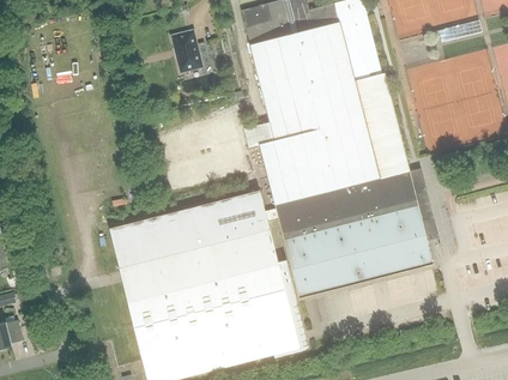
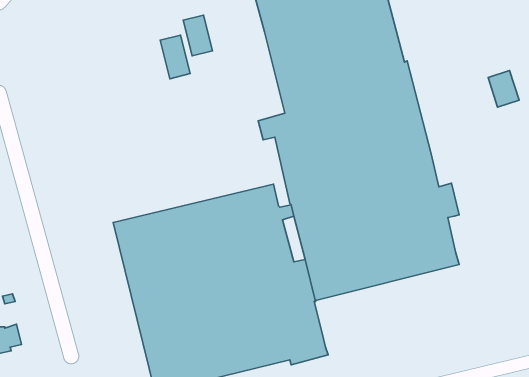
building: none -> [160,35,190,79]
building: none -> [488,71,519,107]

